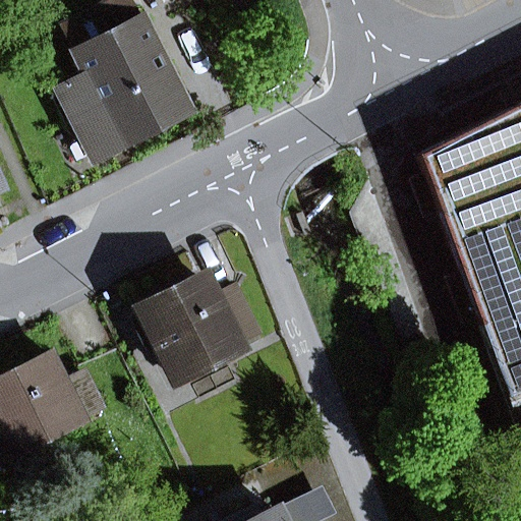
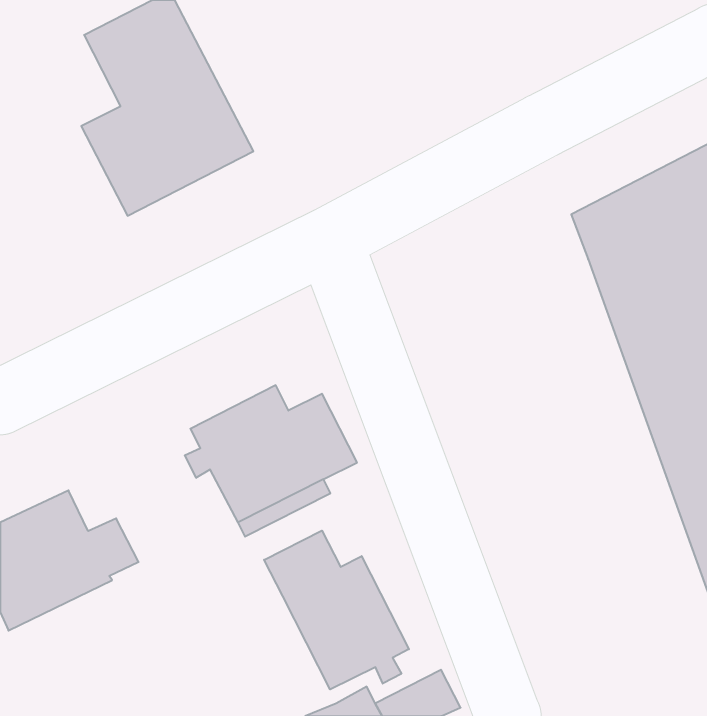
building: none -> [264,531,409,689]

